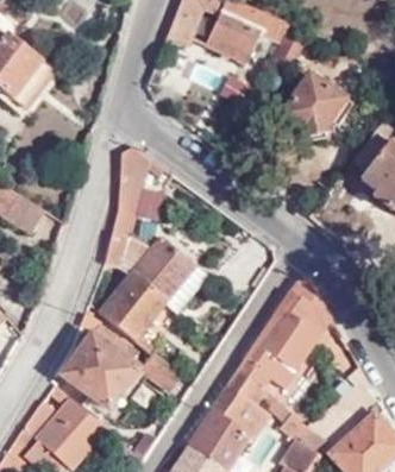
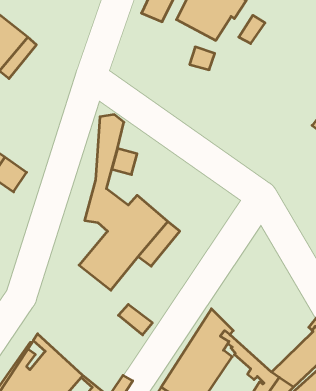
building: [277,74,344,141] -> none
building: [243,281,331,388] -> none
building: [59,313,136,410] -> none

